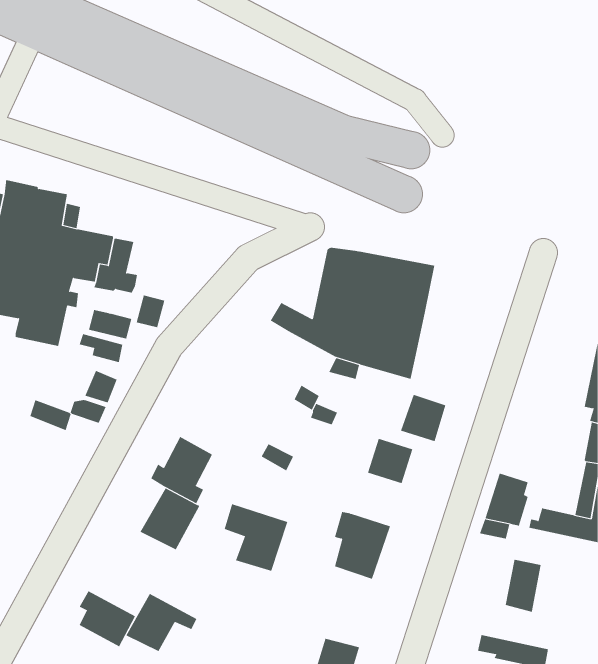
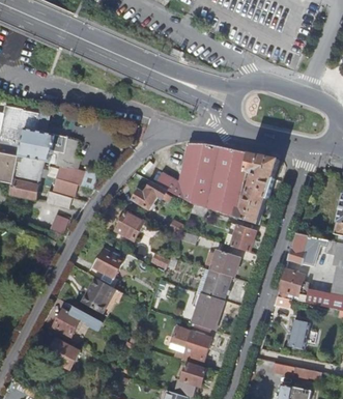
building: none -> [235,152,279,224]
building: none -> [132,181,166,209]
building: none -> [115,211,144,239]
building: none -> [288,232,330,265]
building: none -> [201,269,231,300]
building: [224,504,288,571] -> [175,326,211,365]
building: [126,593,197,652] -> [53,302,93,335]

